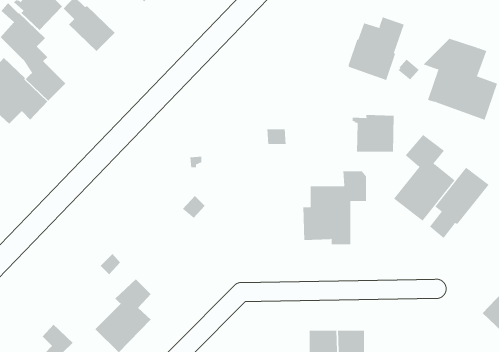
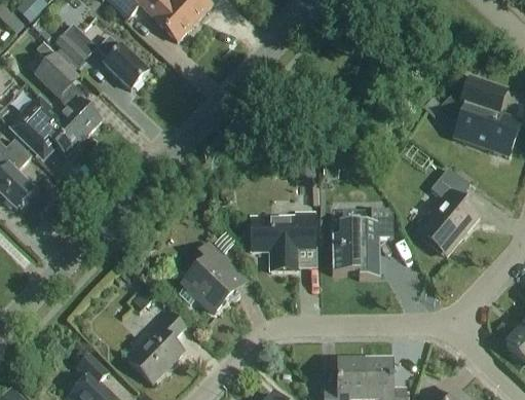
building: [348,16,404,81] -> none
building: [352,114,394,153] -> none
building: [429,167,489,239] -> none
building: none -> [251,210,315,269]
building: none -> [179,241,246,311]

